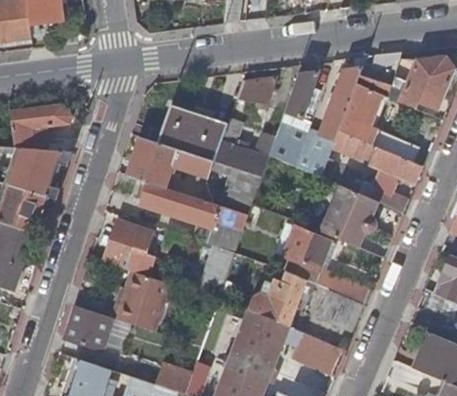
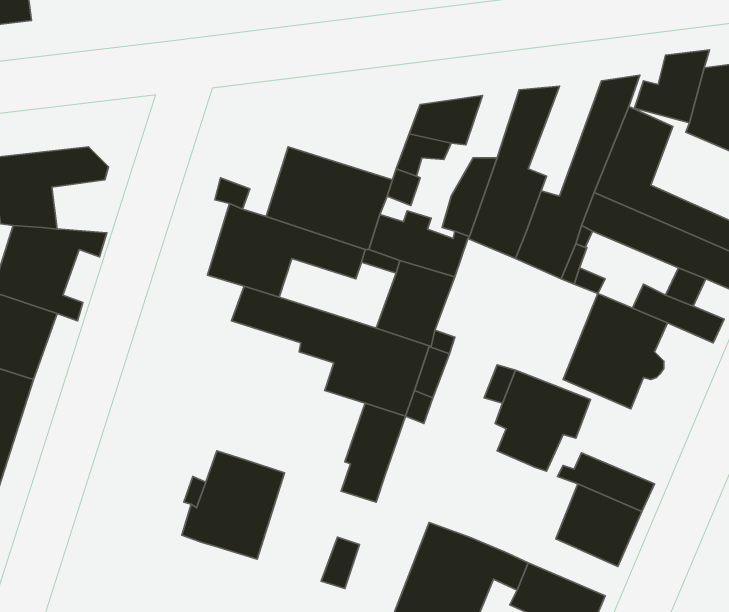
building: [105,220,154,276] -> none
building: [248,271,306,326] -> none
building: [64,305,131,353] -> none

